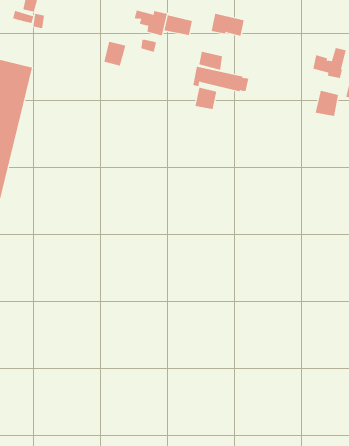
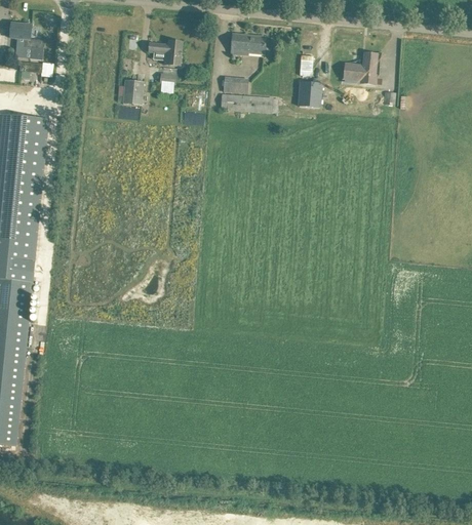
building: [164,15,192,36] -> none
building: [195,87,217,110] -> none
building: [315,90,339,117] -> [296,81,318,107]

